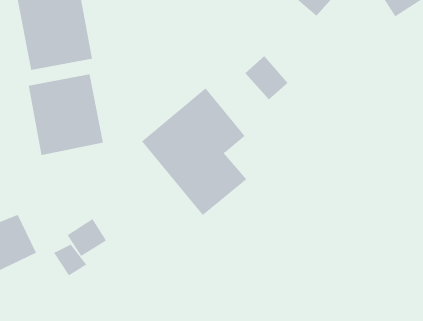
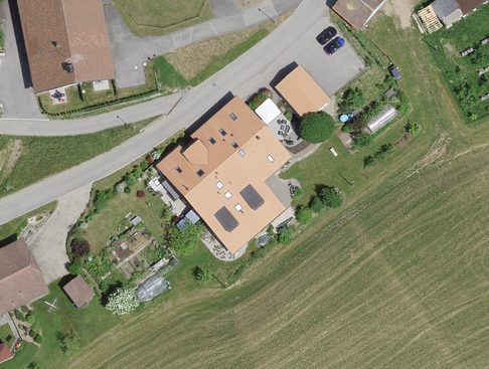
building: [28,73,103,156] -> none
building: [67,218,107,257] -> none

